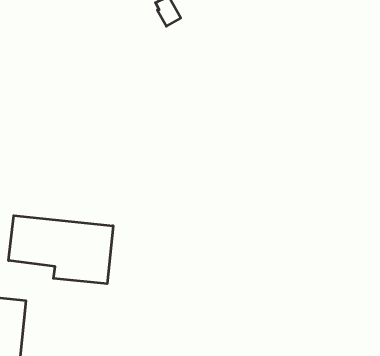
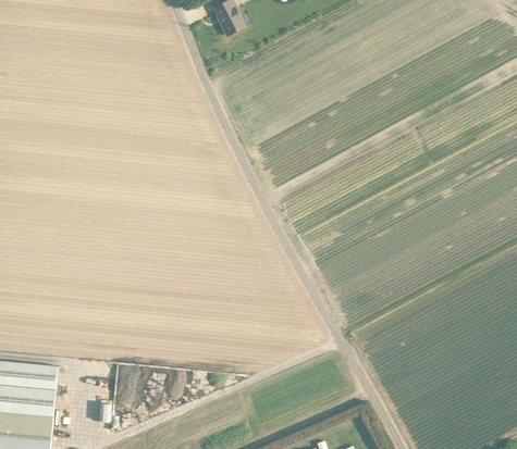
building: [9,216,113,284] -> none

